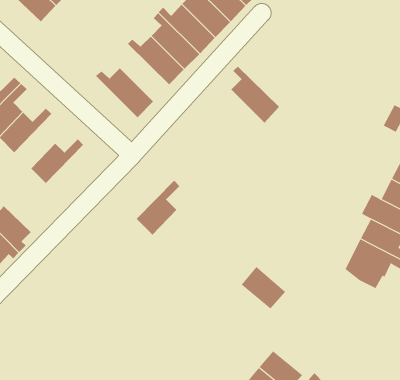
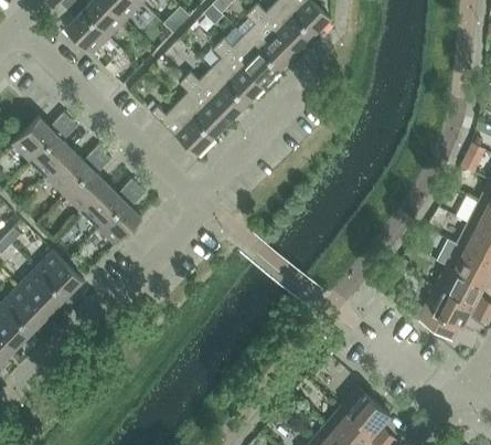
building: [231,66,280,123] -> [177,78,230,140]
building: none -> [63,153,110,212]
building: [136,180,180,235] -> [97,187,145,246]
building: [241,266,286,309] -> [341,388,389,434]

